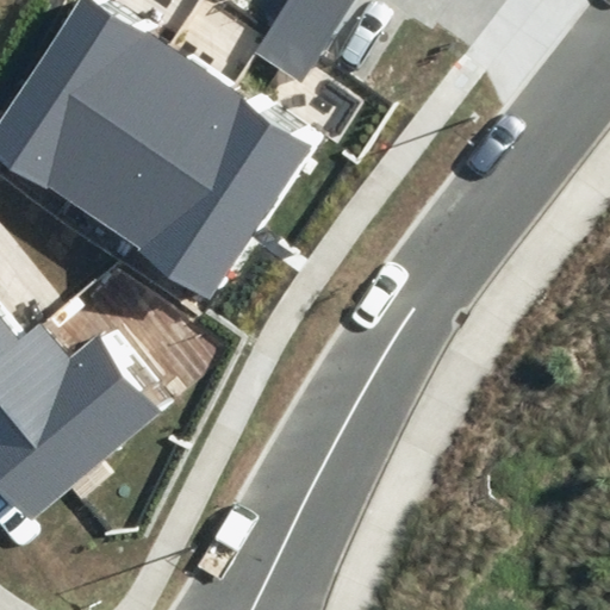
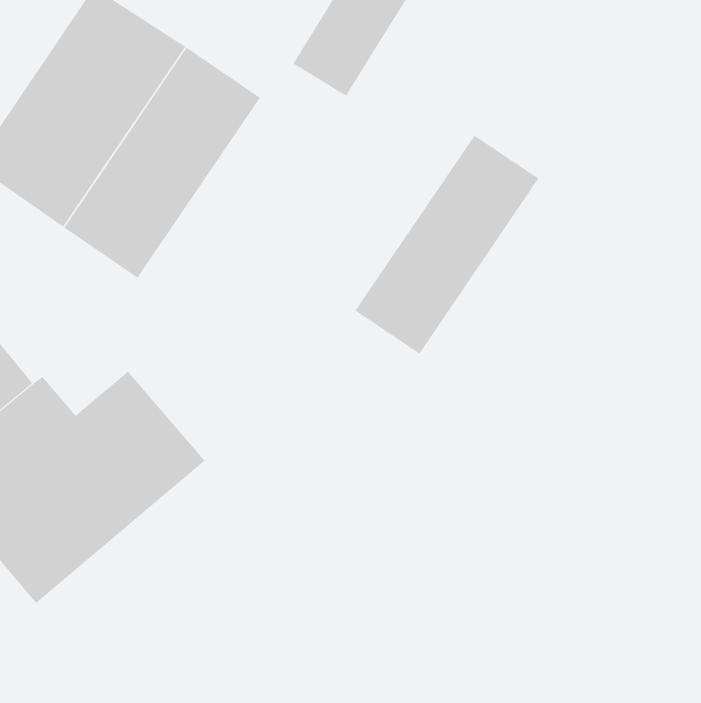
building: [119,85,313,300] -> none
building: none -> [355,135,539,354]

